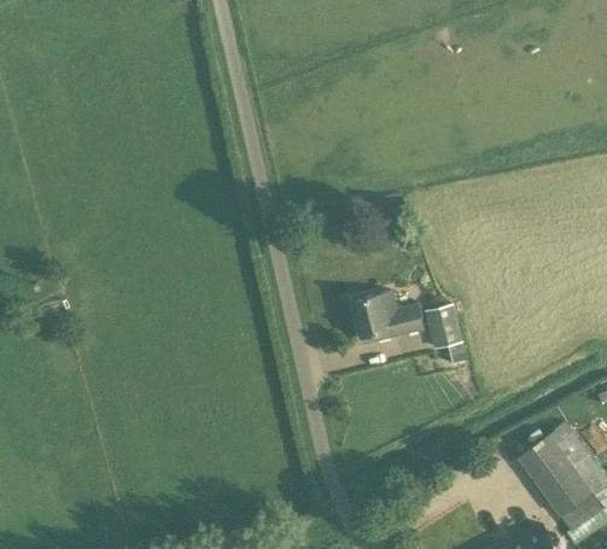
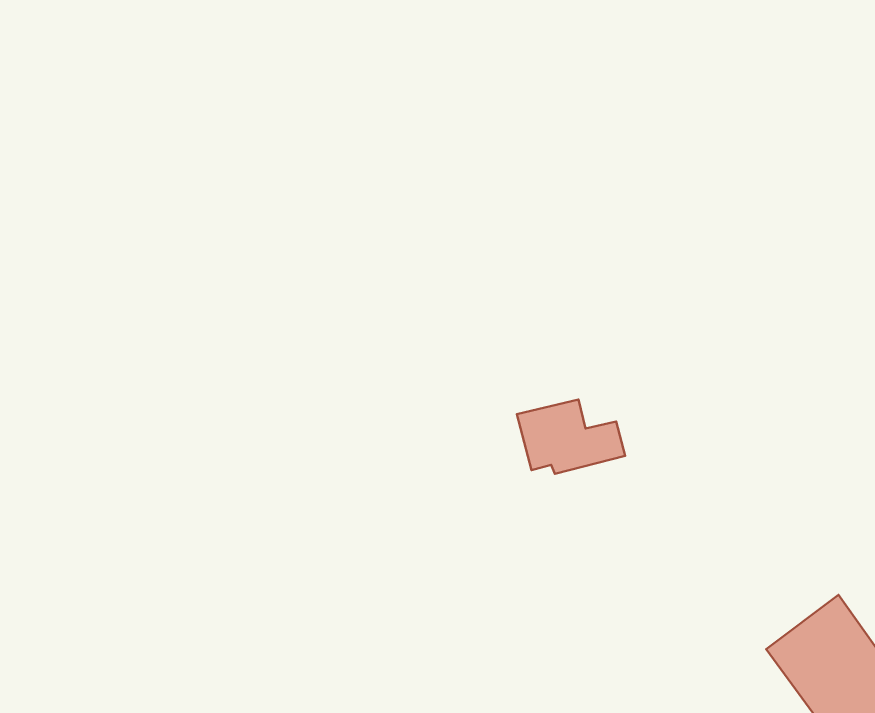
building: [425,304,467,366] -> none

